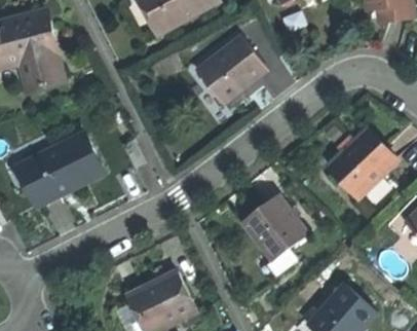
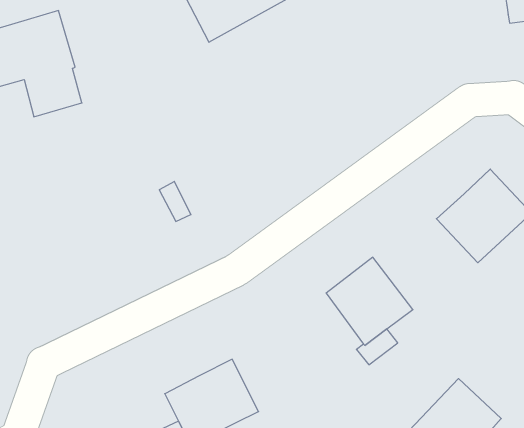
building: [198,34,270,103] -> none
building: [18,135,101,205] -> none

